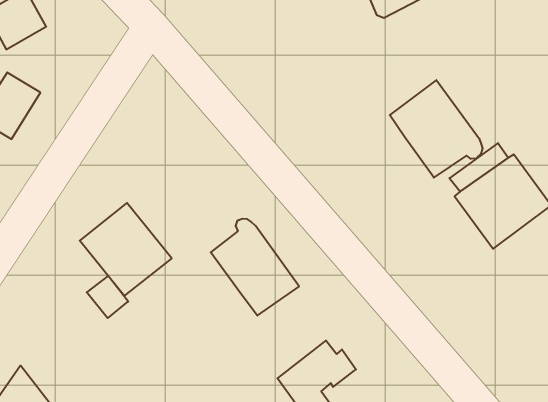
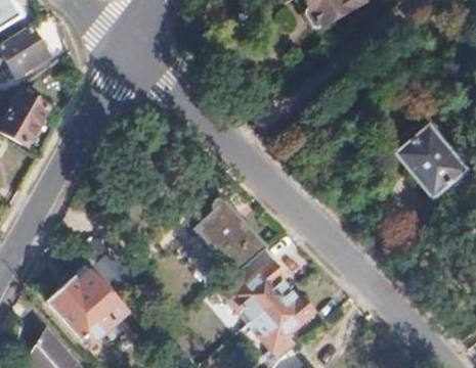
building: [390,80,483,178] -> none
building: [80,203,172,296] -> [50,268,125,342]
building: none -> [223,262,291,323]

